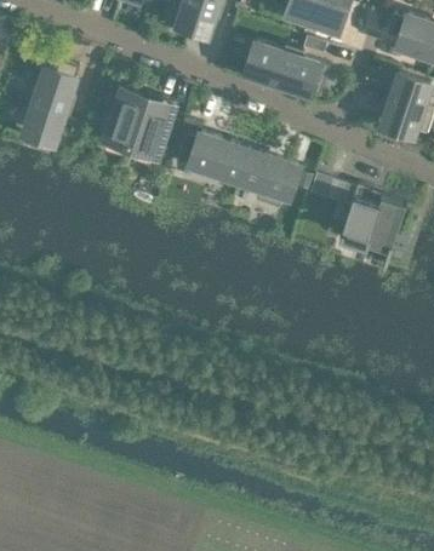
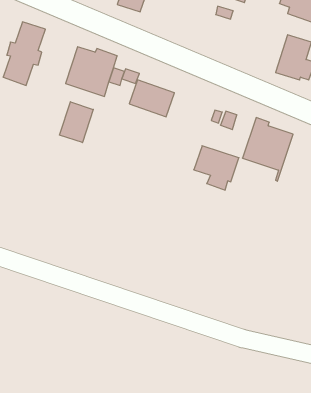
building: [245,40,329,94] -> none
building: [236,149,296,207] -> [194,146,239,190]
building: none -> [60,102,93,143]

